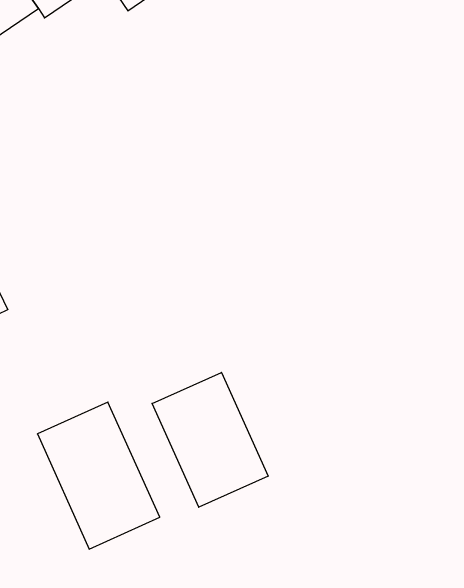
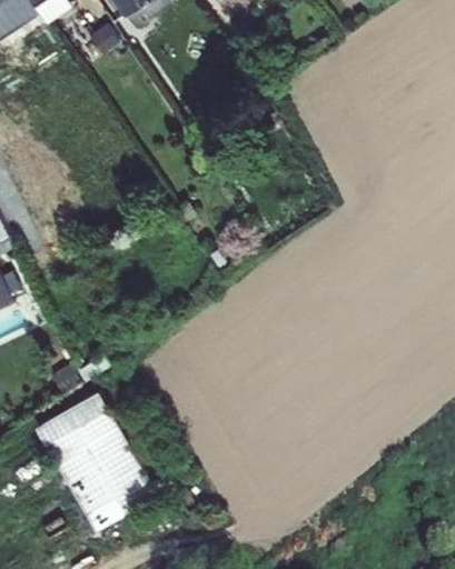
building: [152,372,268,507] -> none

